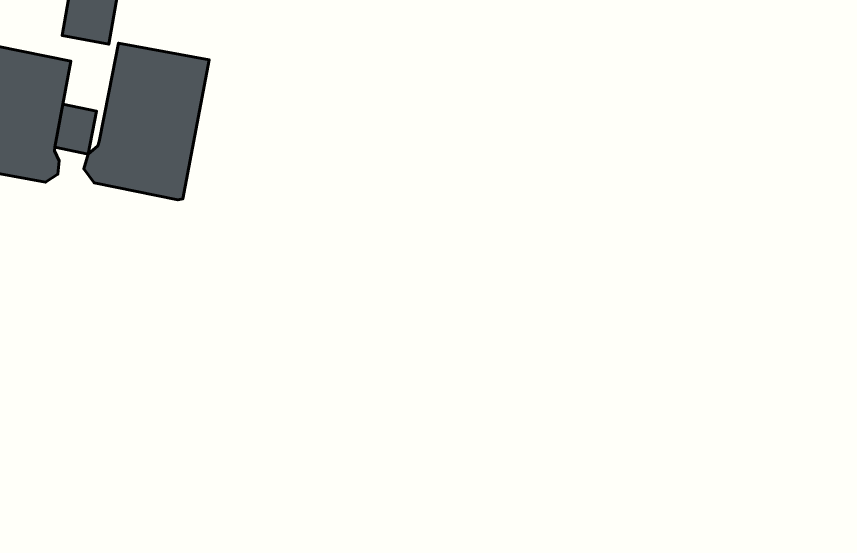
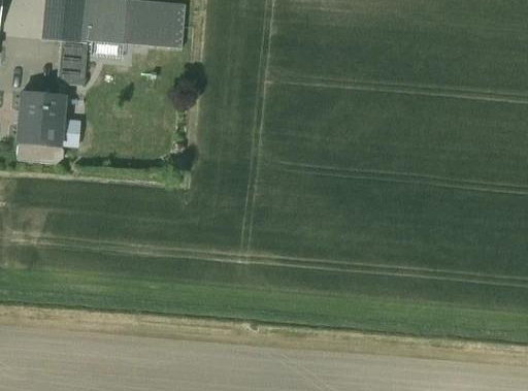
building: [84,43,209,200] -> none

